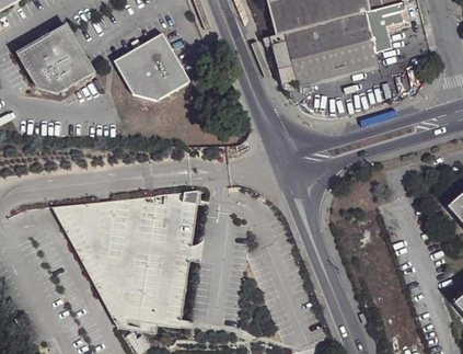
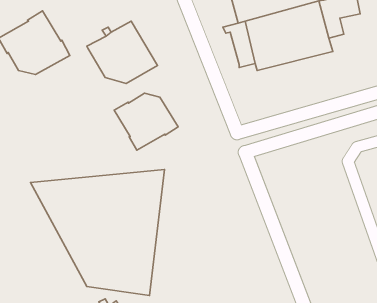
building: none -> [114,93,178,150]

